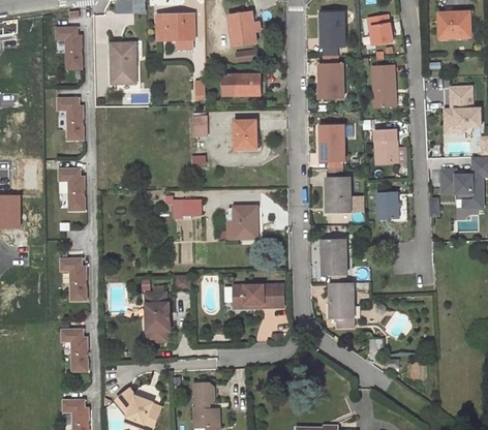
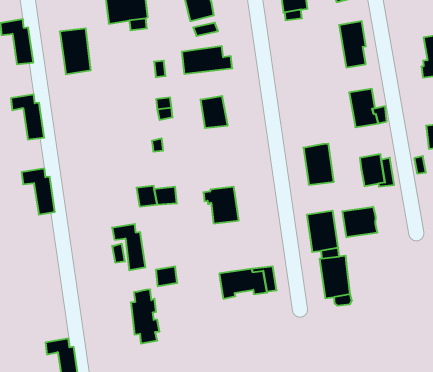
building: [318,63,342,99] -> none
building: [318,125,343,161] -> none
building: none -> [342,207,377,237]
building: [61,258,88,301] -> [112,224,145,270]

